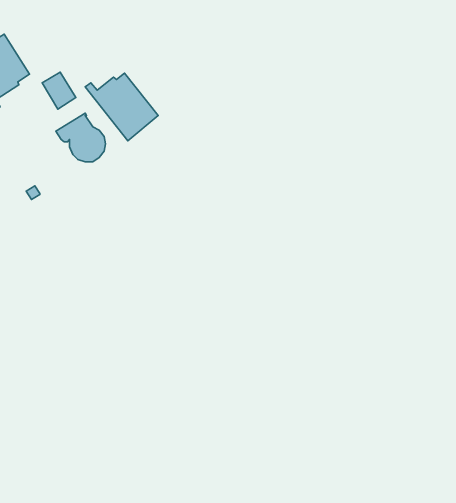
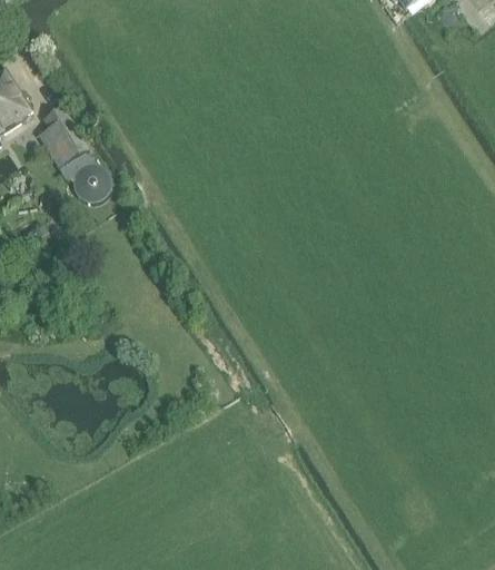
building: [85,73,158,141] -> none

